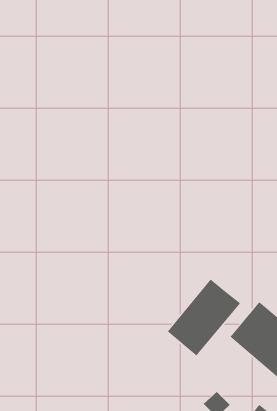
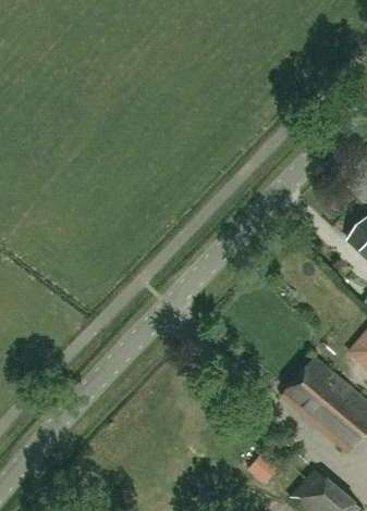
building: [167,278,241,356] -> none

